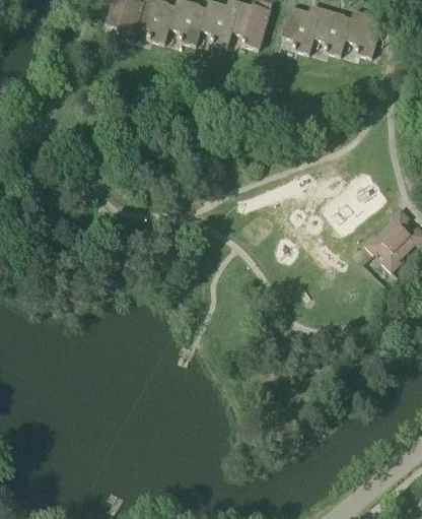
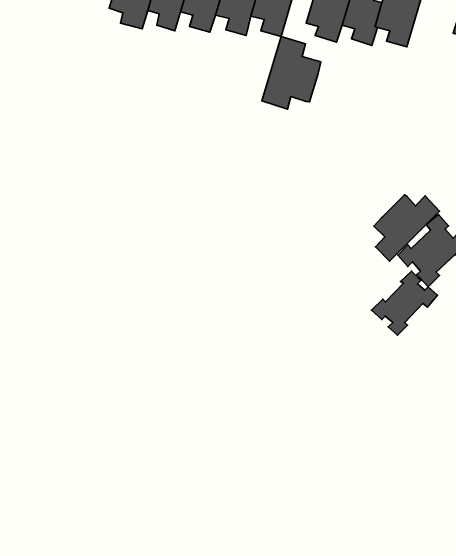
building: none -> [262,37,321,109]
building: none -> [374,195,440,261]
building: none -> [372,271,438,335]

